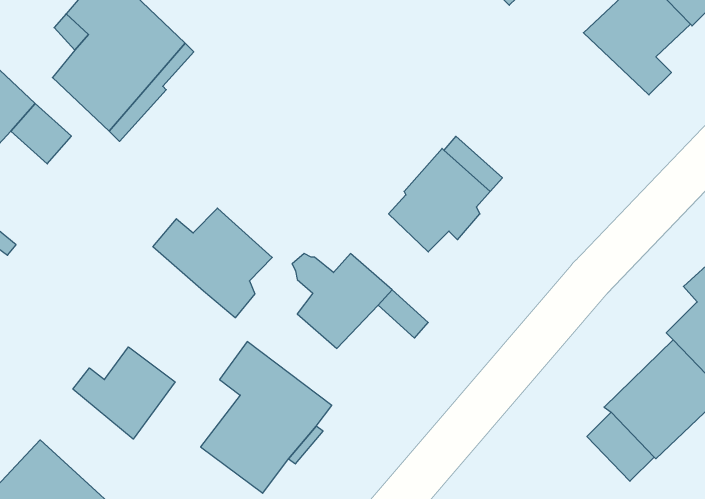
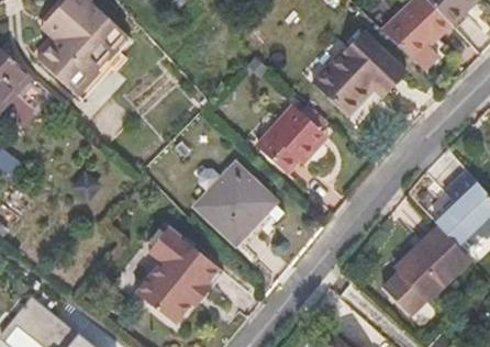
building: none -> [314,33,404,115]
building: [153,208,272,318] -> none
building: [73,347,175,439] -> none

